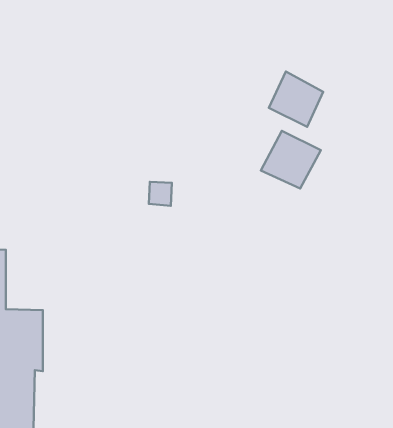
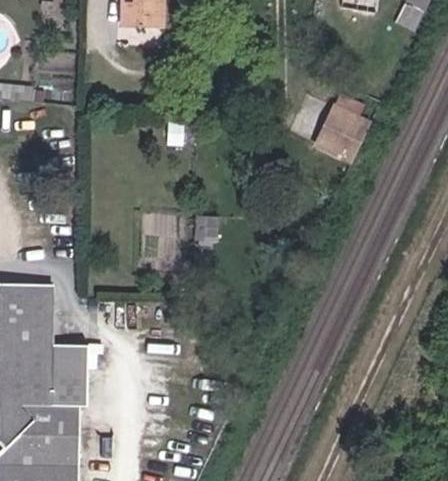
building: [261,131,321,188] -> none

